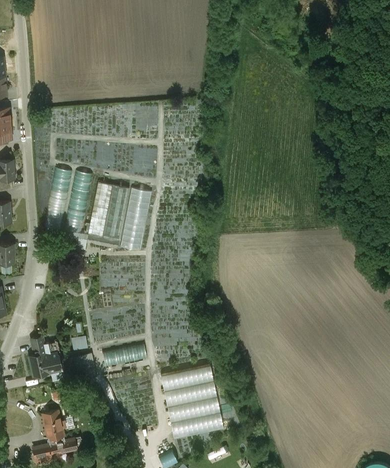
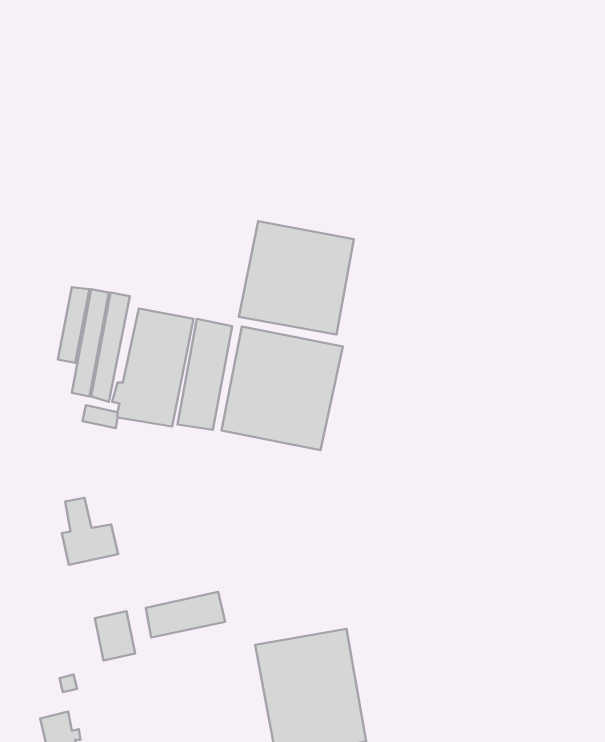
building: none -> [239,221,354,335]
building: none -> [221,327,343,450]
building: [29,337,61,375] -> [62,498,118,565]

